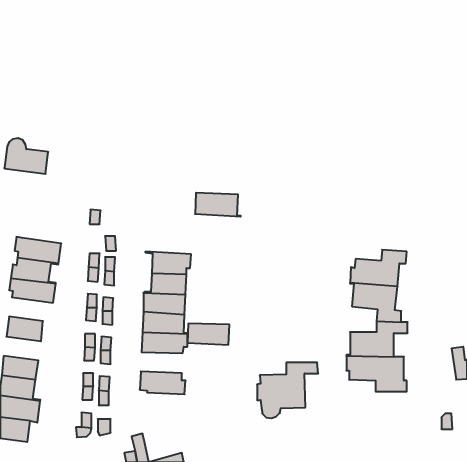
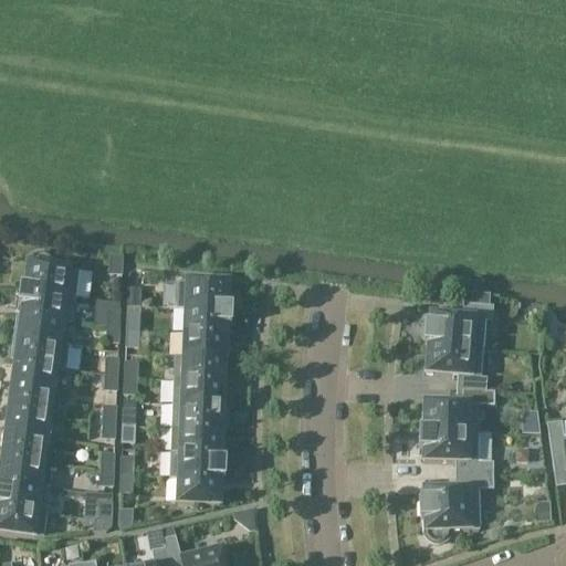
building: [4,138,48,174] -> [24,251,77,294]
building: [195,193,241,217] -> [176,279,231,307]
building: none -> [11,359,64,388]
building: [187,324,229,345] -> [170,426,221,451]
building: none -> [4,407,50,436]
building: [257,363,318,418] -> [419,473,493,541]
building: none -> [177,474,223,502]

